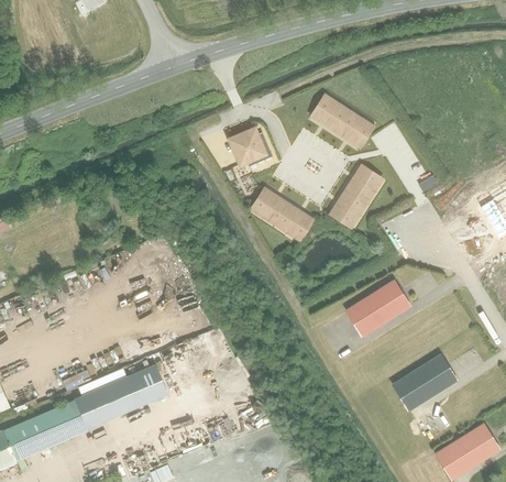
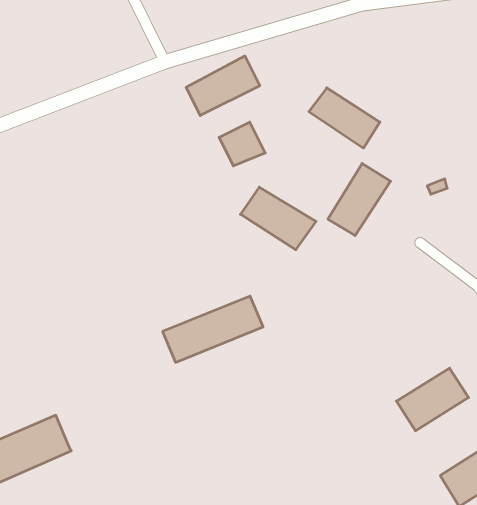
building: none -> [186,56,260,116]
building: [344,280,413,339] -> none
building: [74,364,167,426] -> [163,296,263,362]

